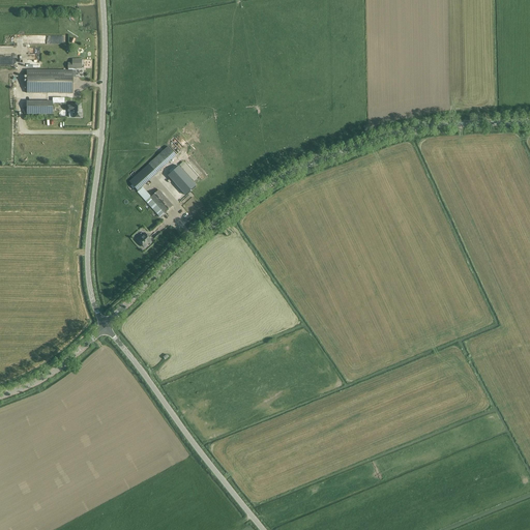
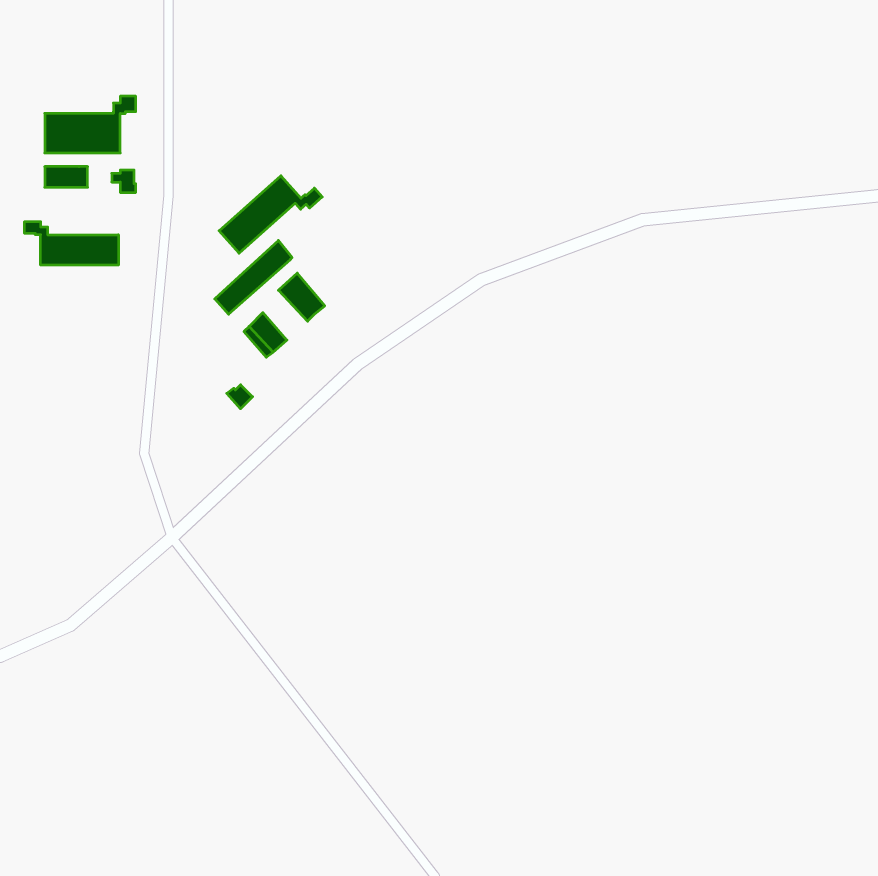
building: none -> [219,176,322,253]
building: none -> [25,222,118,265]

